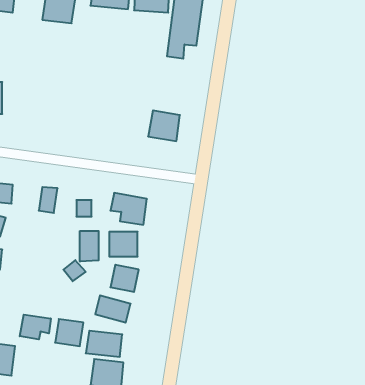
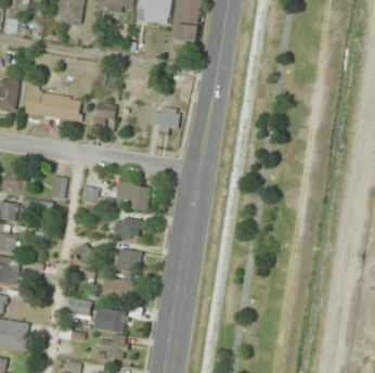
building: none -> [25,88,85,121]
building: none -> [93,100,116,125]
building: [80,231,99,262] -> none
building: [20,315,51,339] -> none

